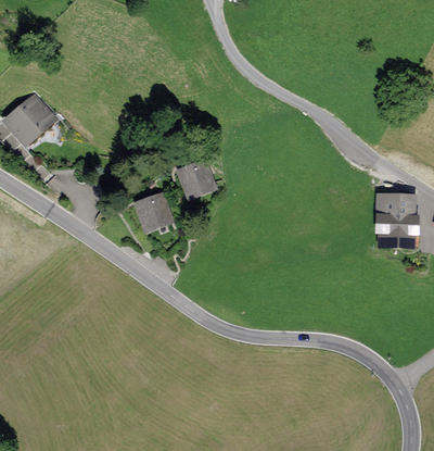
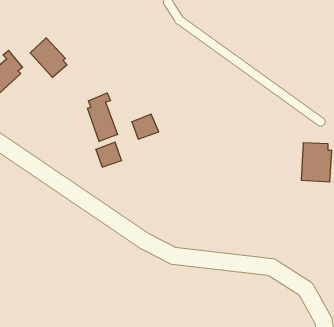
building: none -> [30,38,67,78]
building: none -> [87,93,118,142]

